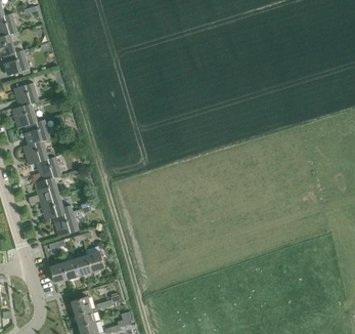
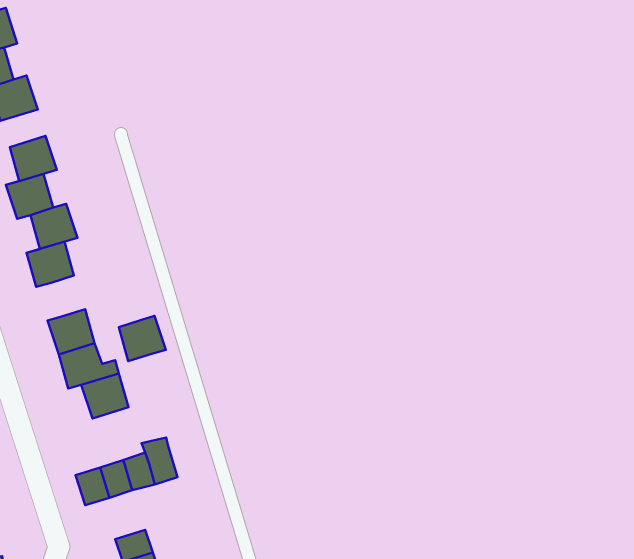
building: [36,157,61,181] -> [119,316,166,361]

